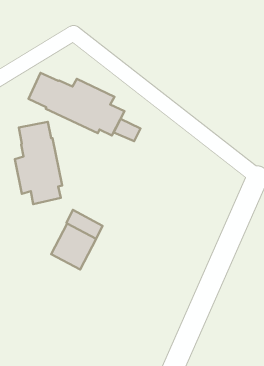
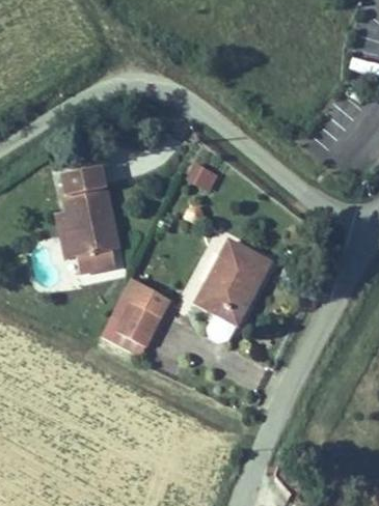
building: [28,73,124,135] -> none
building: none -> [196,241,270,324]

